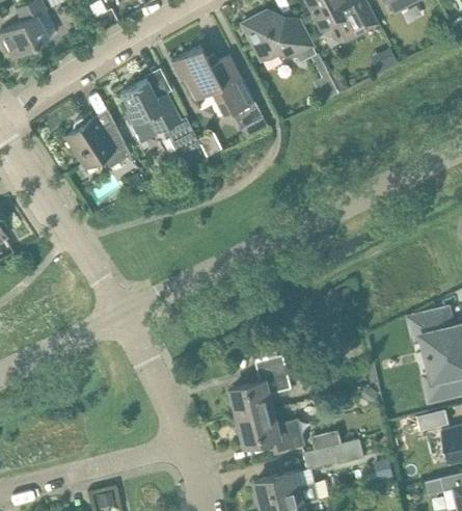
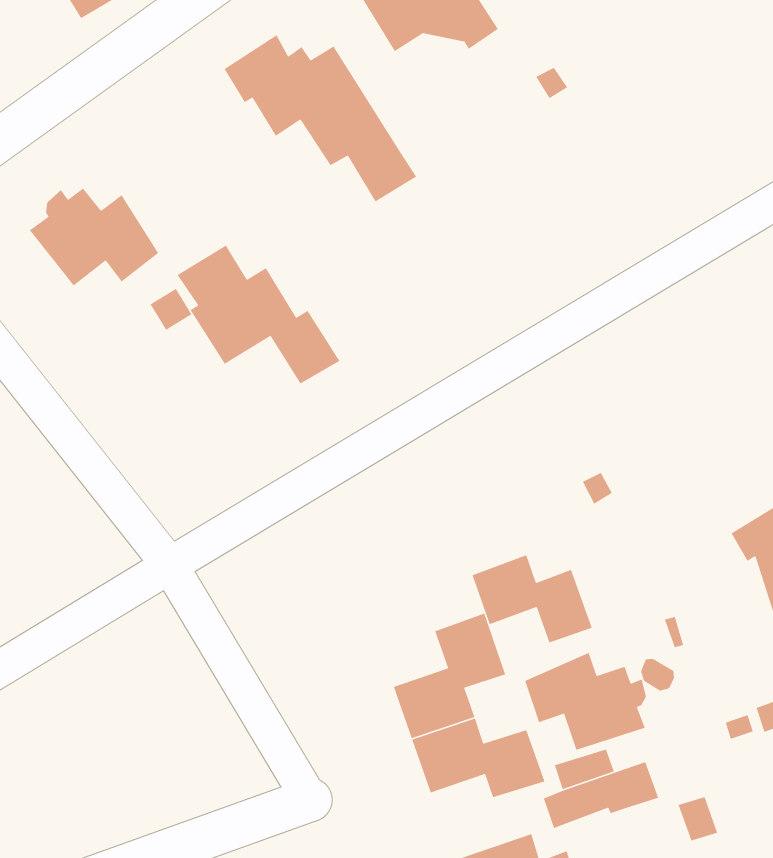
building: [119,80,200,156] -> [177,244,340,385]
building: none -> [471,554,593,643]
building: none -> [524,652,647,751]

